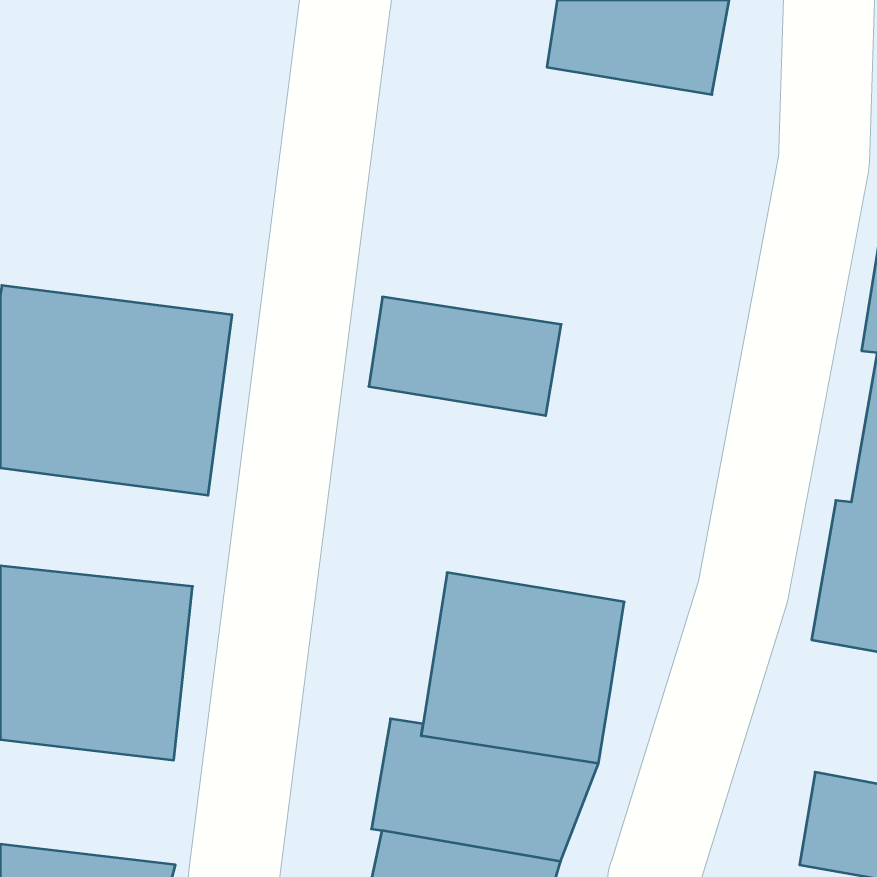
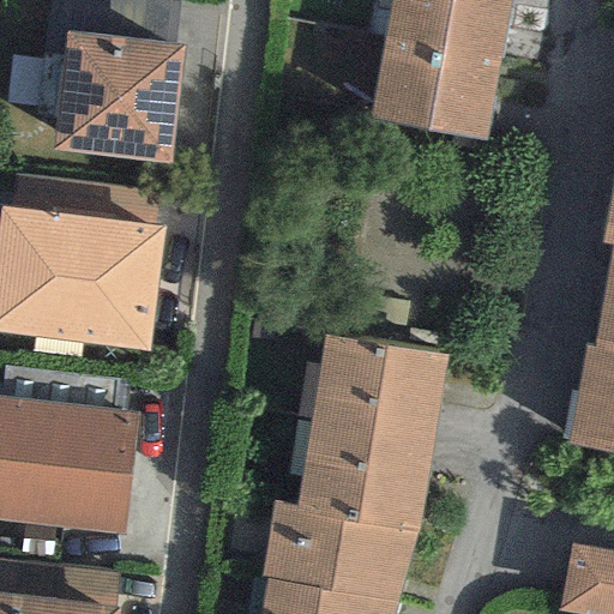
building: none -> [49,24,181,156]
building: none -> [369,48,498,143]
building: [369,297,561,416] -> [313,338,447,421]

